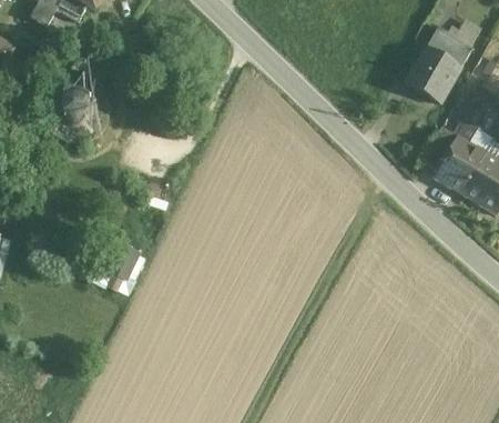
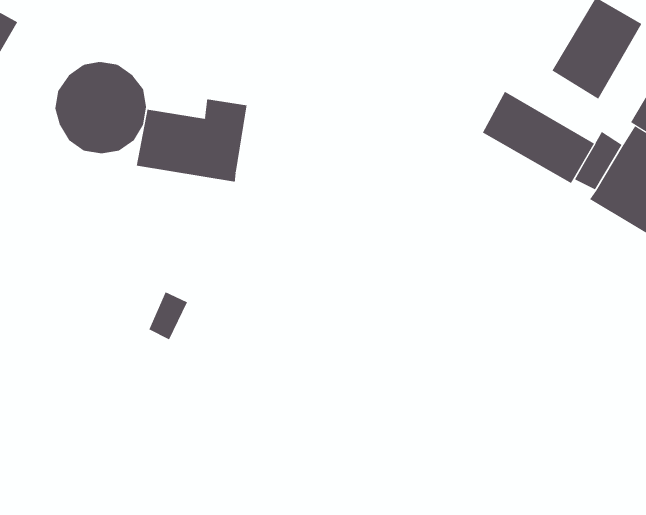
building: none -> [482,91,595,184]
building: none -> [136,98,247,183]

